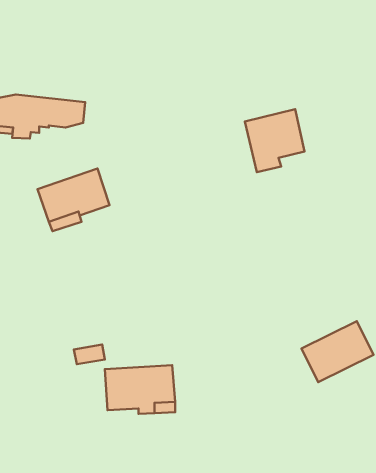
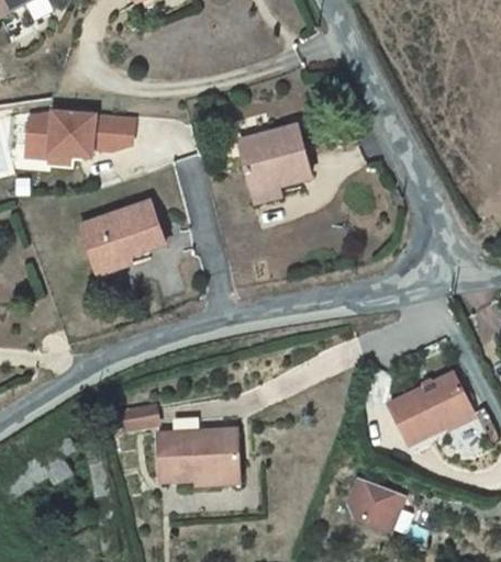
building: [245,109,305,172] -> [238,126,309,200]
building: none -> [350,482,403,531]

